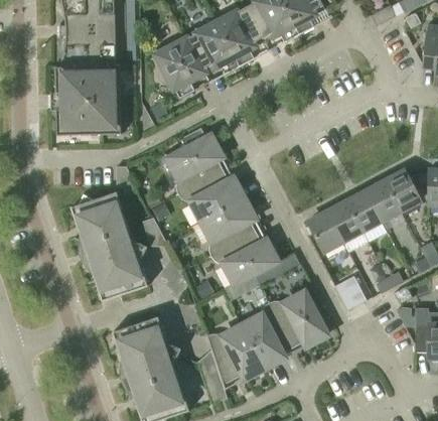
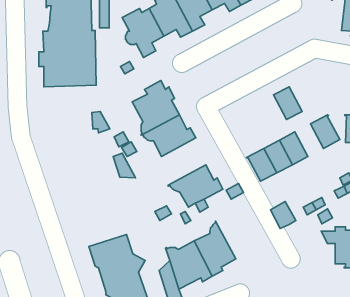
building: [366,181,401,222] -> [274,87,302,120]
building: [74,192,148,302] -> none
building: [201,198,256,257] -> none
building: [268,290,326,347] -> none

